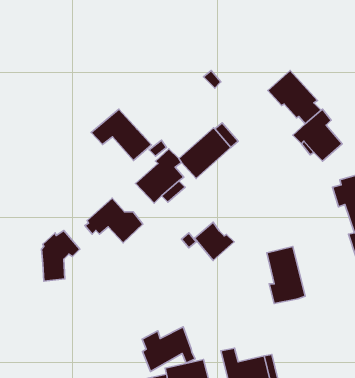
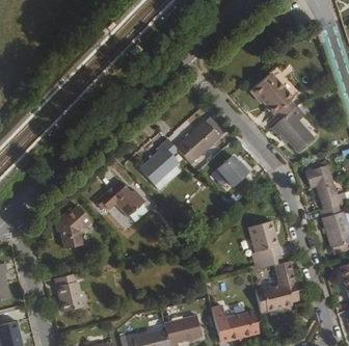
building: [91,109,152,161] -> none
building: [194,222,234,260] -> [216,153,249,185]
building: none -> [254,261,298,313]
building: none -> [54,273,82,311]
building: [142,327,195,371] -> none

